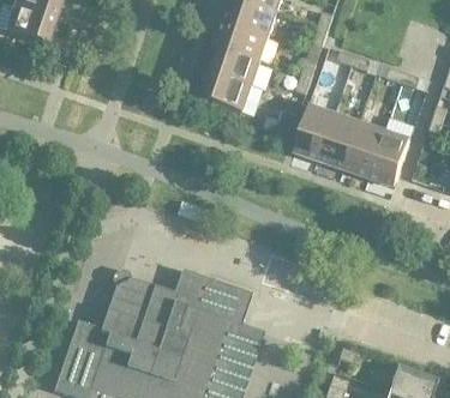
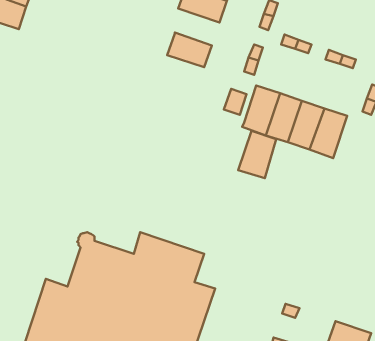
building: [212,22,268,62] -> none
building: [202,73,251,113] -> none
building: none -> [238,131,276,178]

